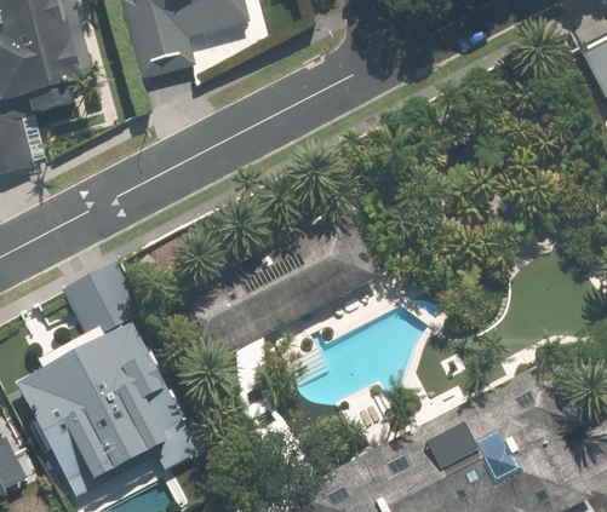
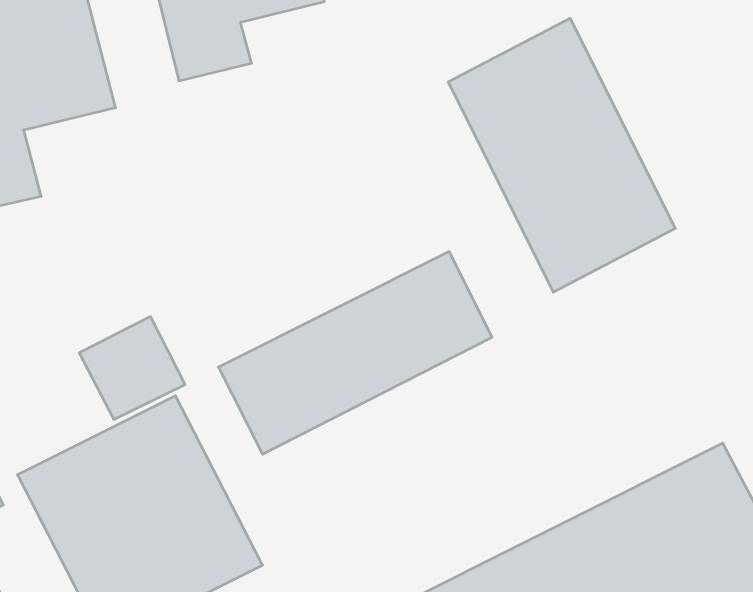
building: none -> [448,18,675,292]

